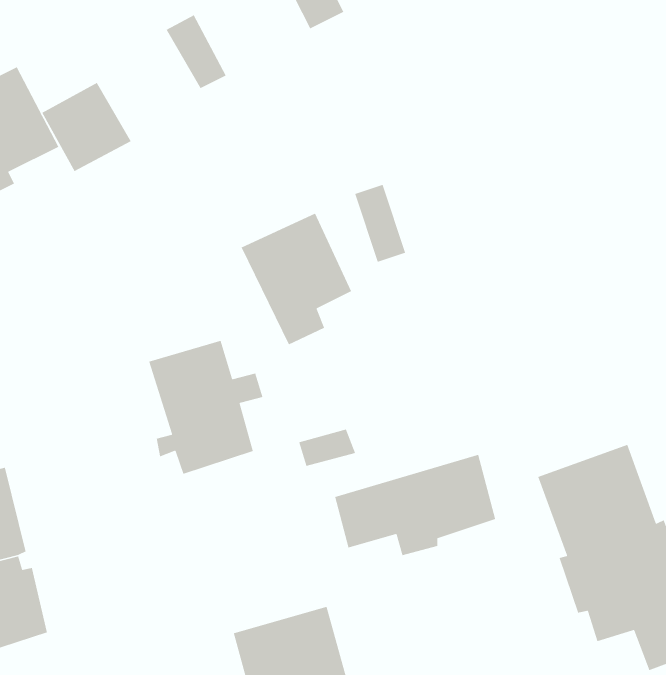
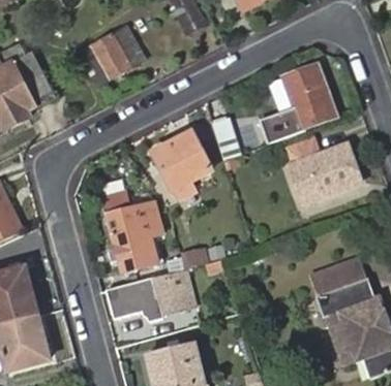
building: [41,82,132,172] -> [81,33,129,82]
building: none -> [260,64,337,142]
building: none -> [283,135,361,201]
building: [334,454,496,556] -> [107,267,193,322]

